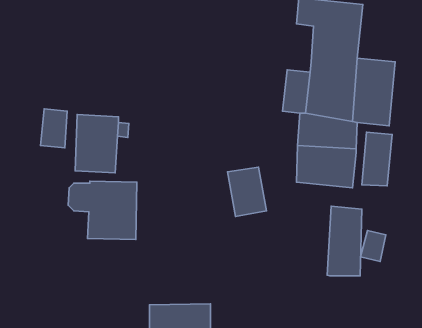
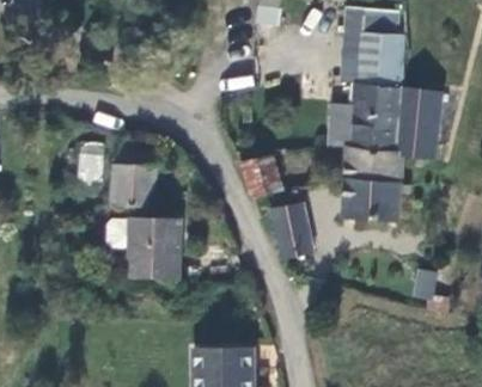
building: none -> [239,152,280,199]
building: [362,132,392,186] -> none
building: [327,206,362,276] -> none

